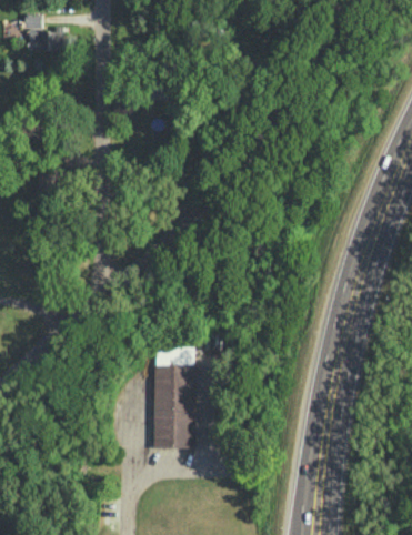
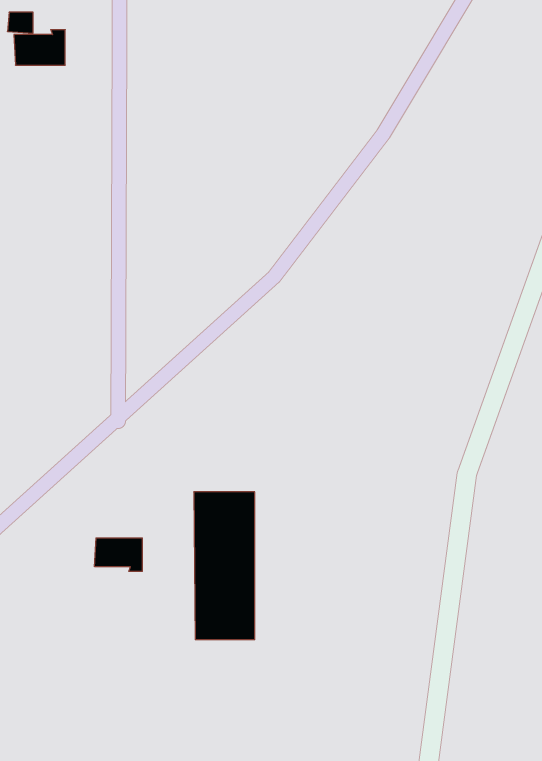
building: none -> [95,538,142,571]

